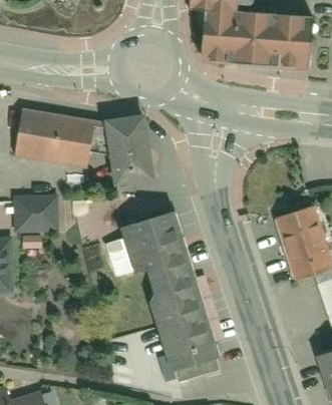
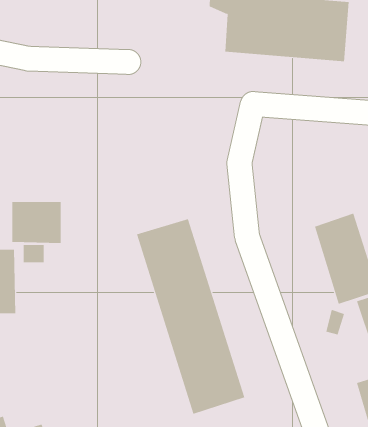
building: [16,107,93,165] -> none
building: [103,117,155,185] -> none

